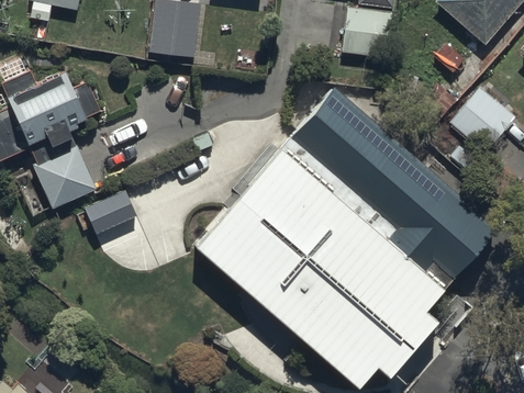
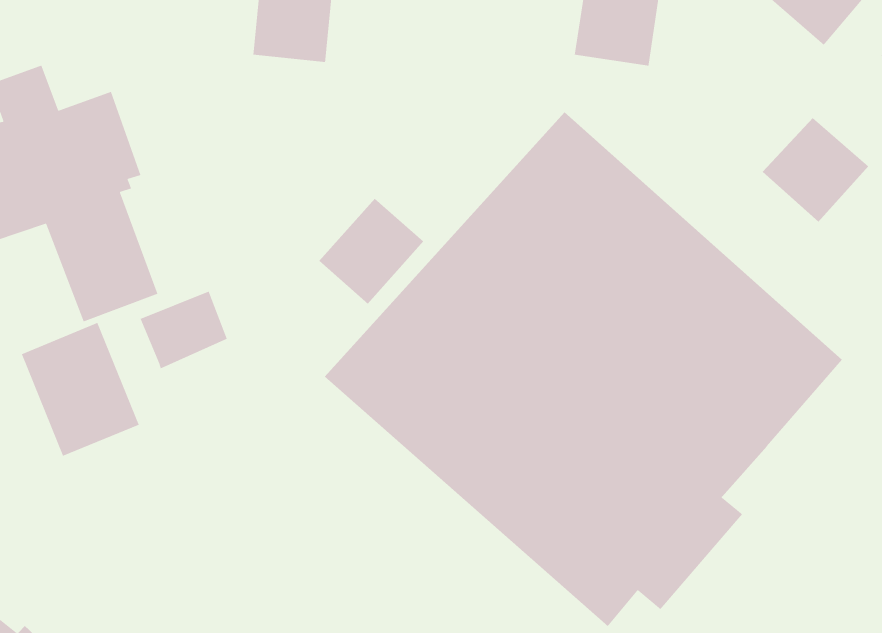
building: none -> [318,198,424,305]
building: none -> [21,322,140,457]

